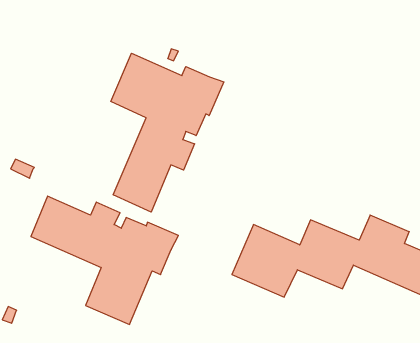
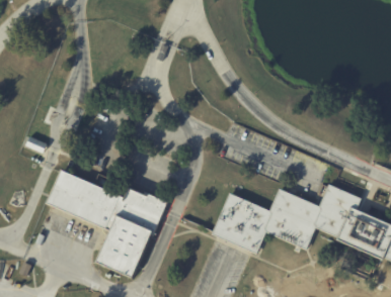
building: [111,53,224,212] -> none

